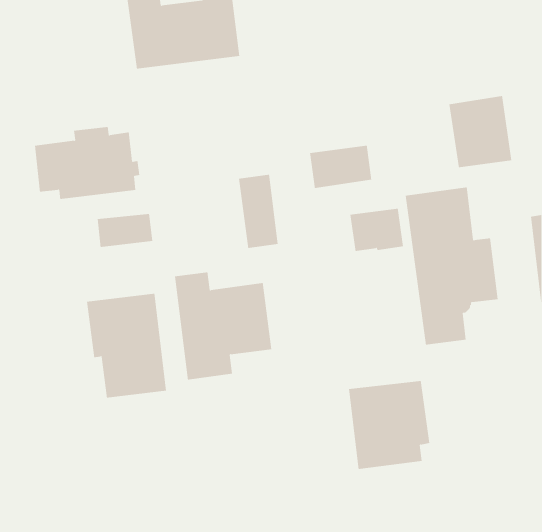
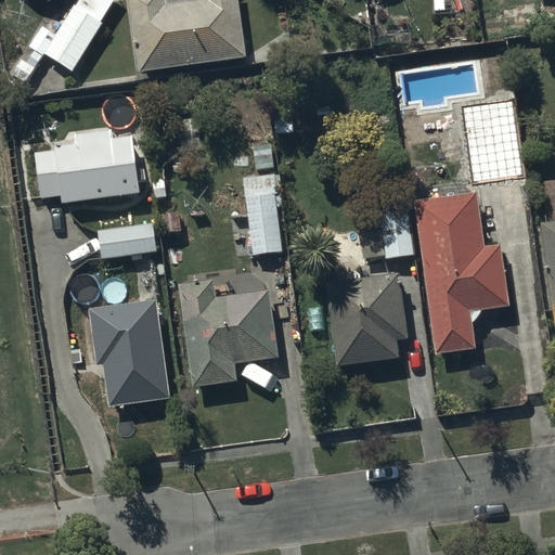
building: none -> [43,4,99,67]
building: [310,145,372,189] -> none
building: [348,380,430,470] -> [324,274,408,365]

